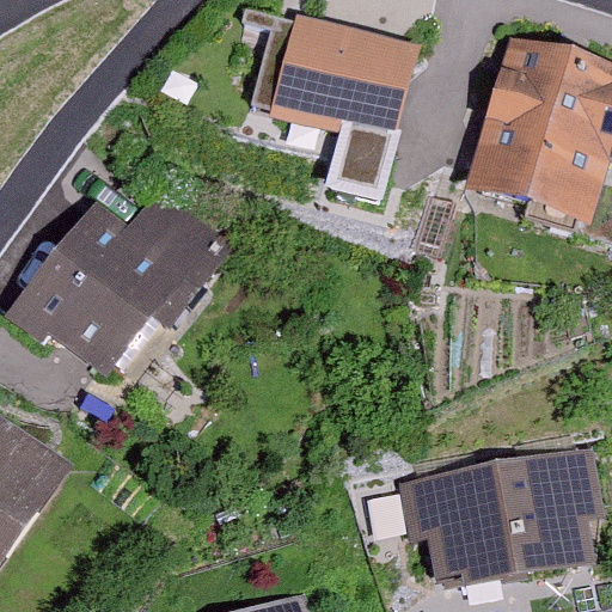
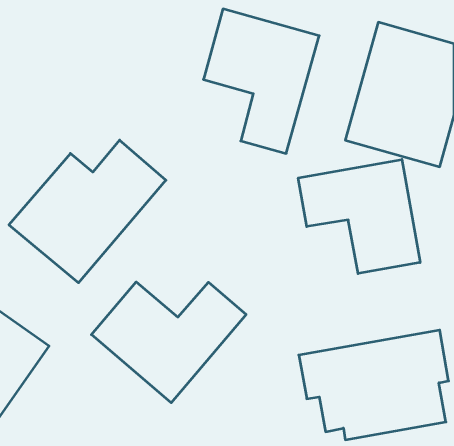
building: none -> [298,159,420,274]
building: none -> [91,282,246,403]

